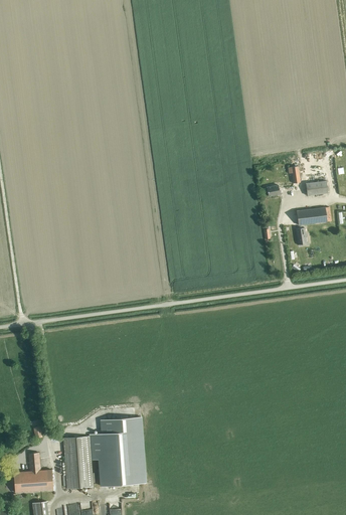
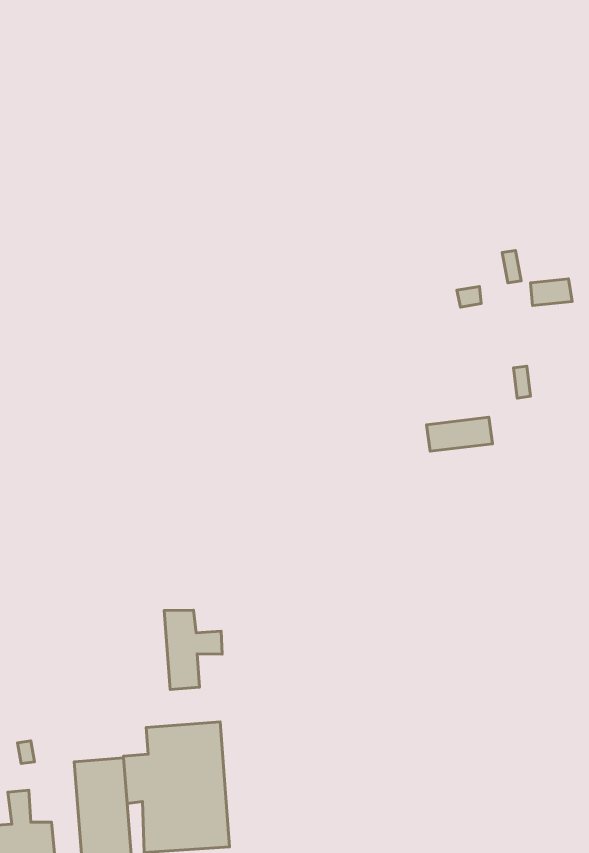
building: [296,207,331,225] -> [426,417,493,451]
building: none -> [164,610,222,689]

